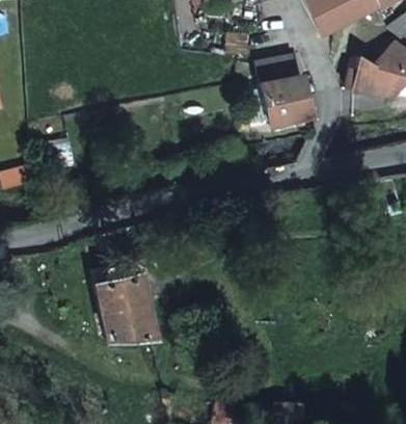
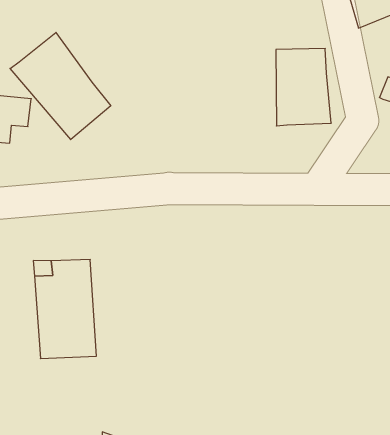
building: none -> [10,32,111,140]

